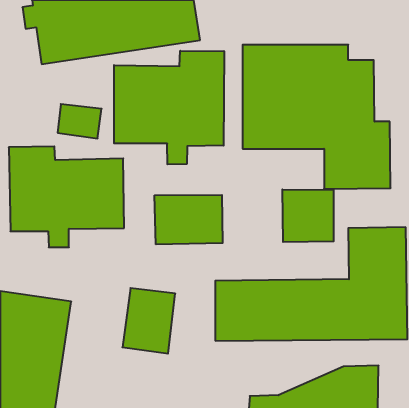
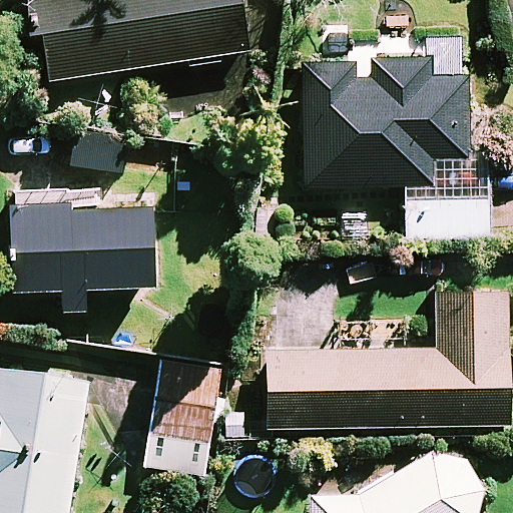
building: [114,51,224,164] -> none
building: [282,189,334,242] -> none
building: [155,195,223,244] -> none

